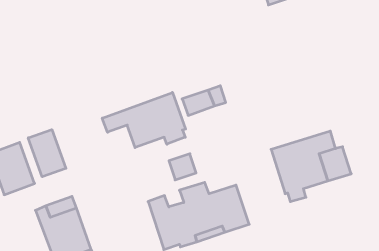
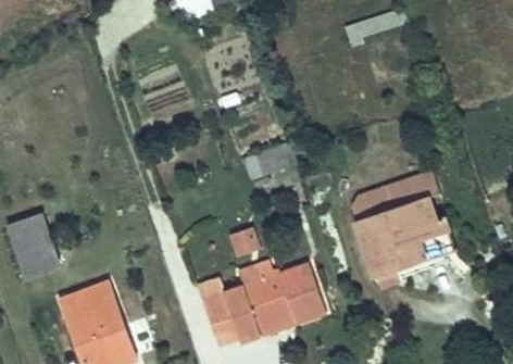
building: [102,92,186,148] -> none
building: none -> [349,172,437,222]
building: [28,130,66,177] -> none

